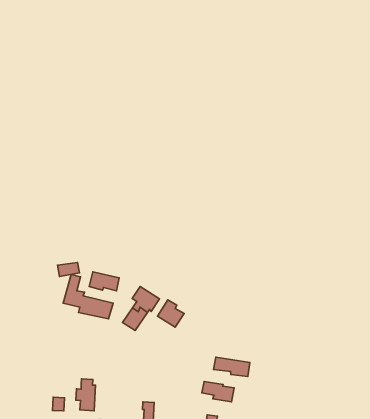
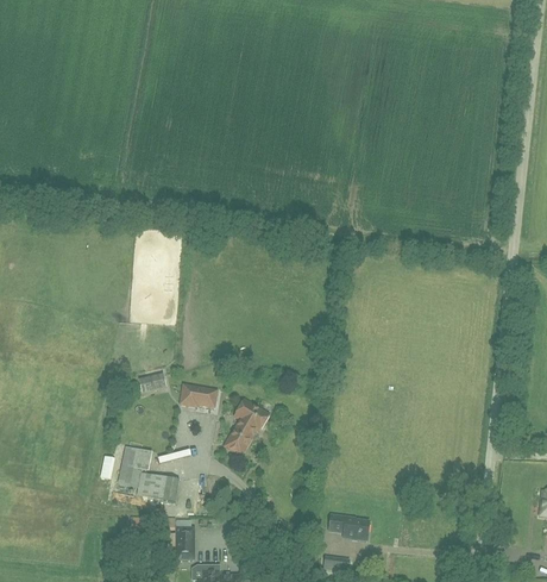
building: [63,274,113,319] -> [118,446,181,500]
building: [158,300,184,327] -> none
building: [213,357,250,377] -> none

